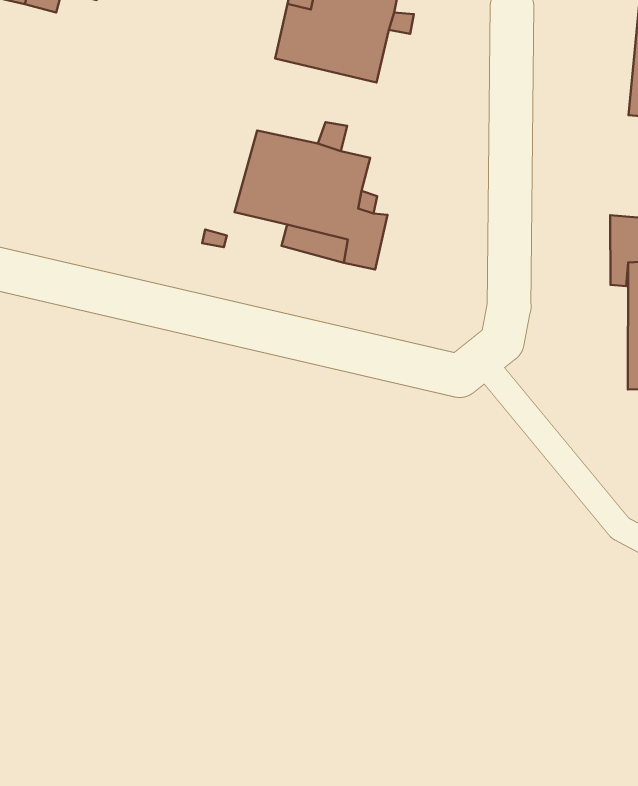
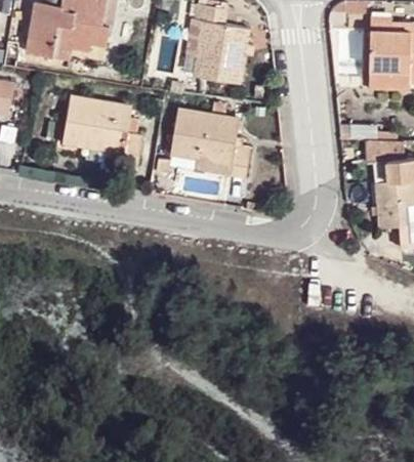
building: none -> [63,98,141,166]

